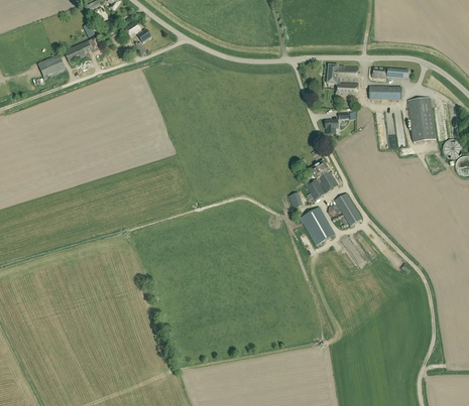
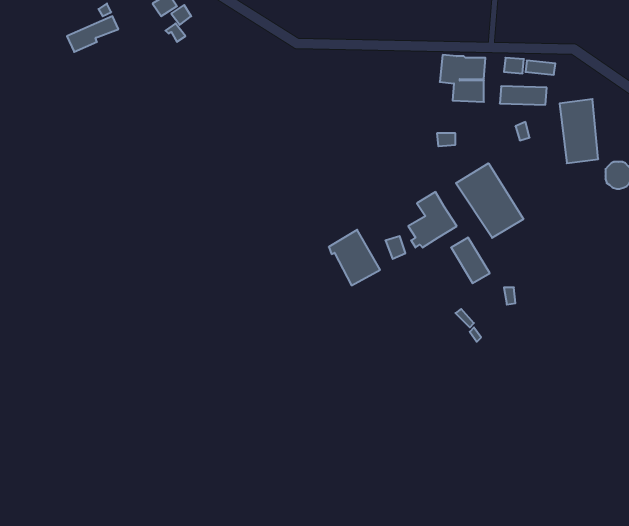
building: [36,54,65,80] -> none
building: none -> [456,163,523,238]
building: [299,207,335,246] -> [329,230,380,285]

